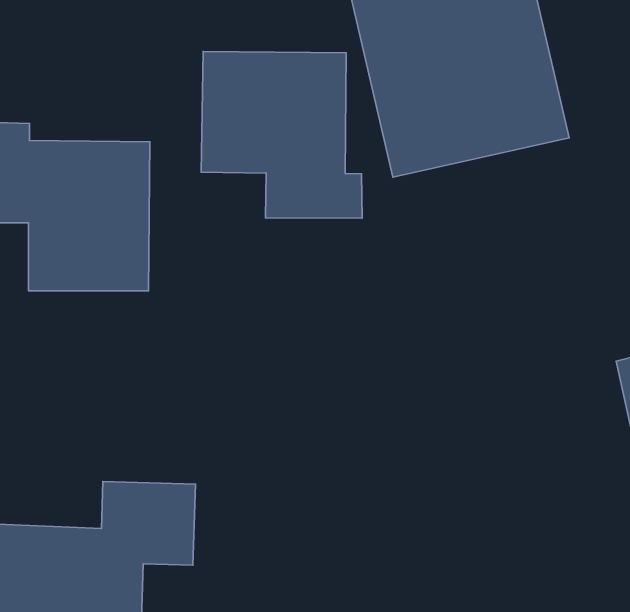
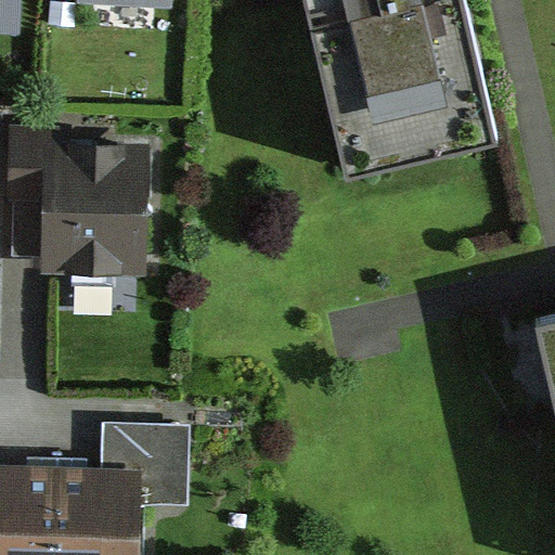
building: [201,52,362,218] -> none

